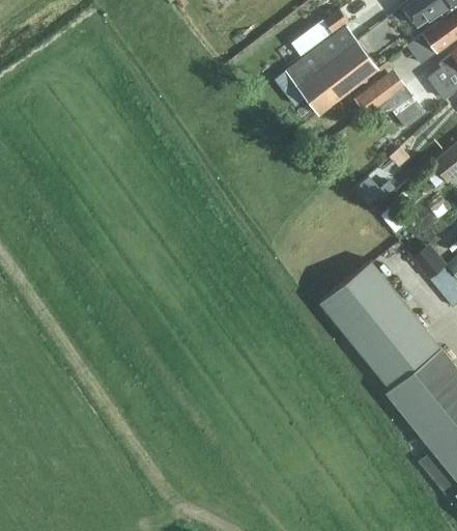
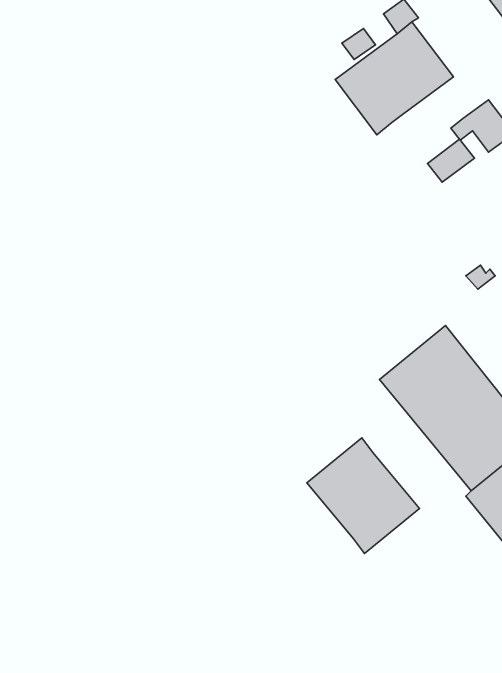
building: [353,81,390,114] -> [427,139,474,182]
building: none -> [307,438,420,553]

